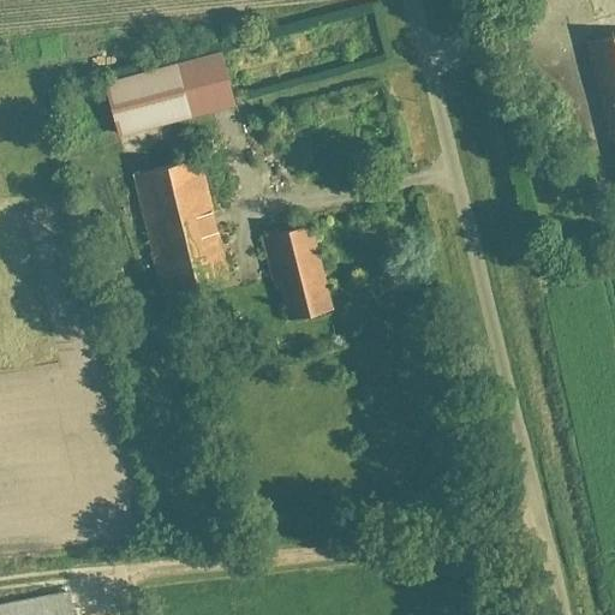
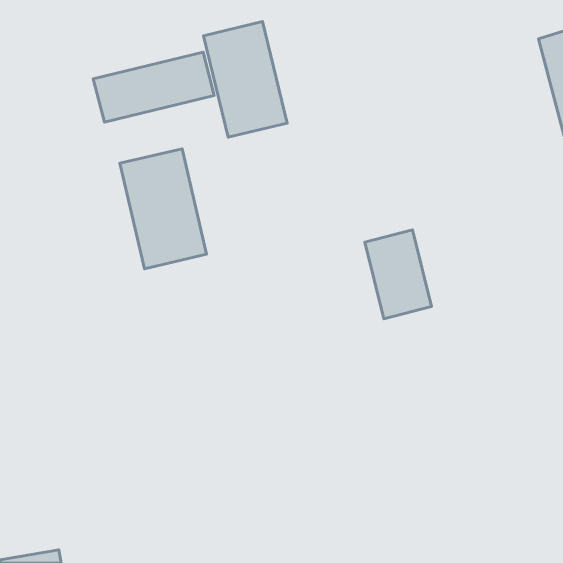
building: none -> [204,22,287,137]
building: [262,226,334,322] -> [365,230,432,319]

